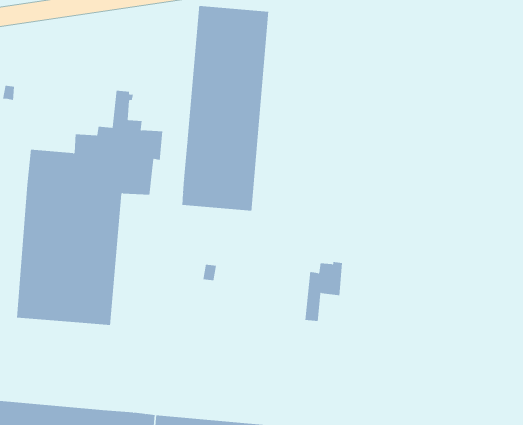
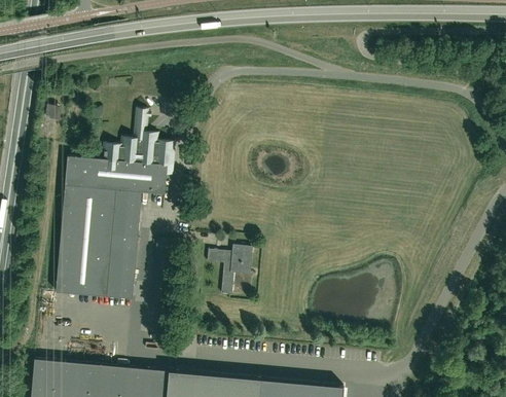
building: [182,5,269,212] -> none
building: [304,261,343,321] -> [221,247,252,295]

